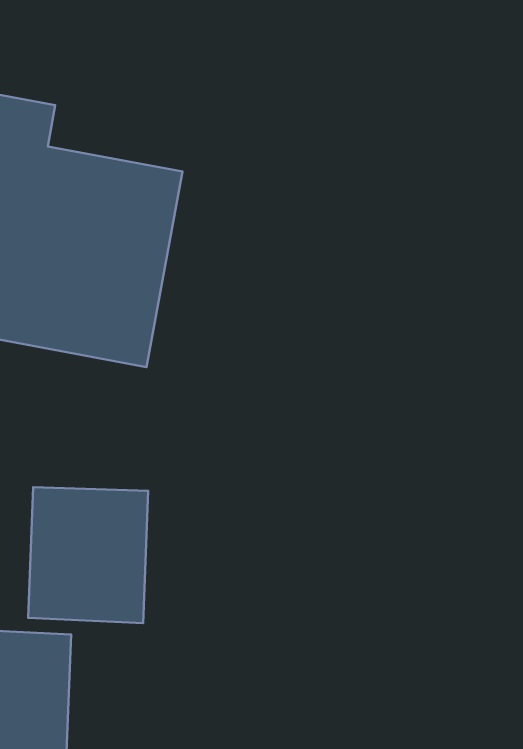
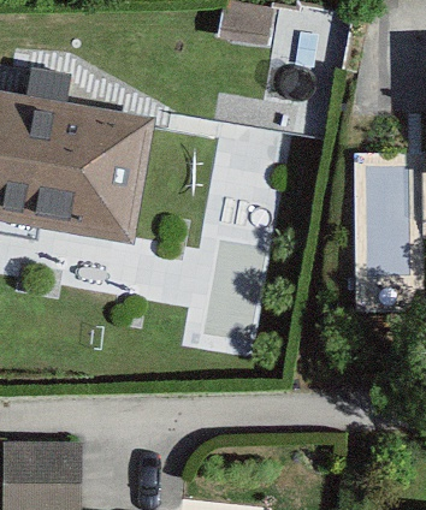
building: [28,487,148,623] -> none

